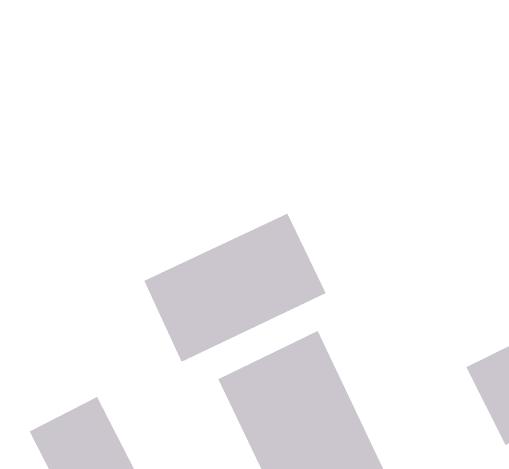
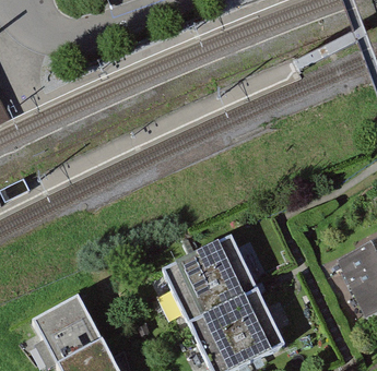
building: [143,212,327,363] -> none

